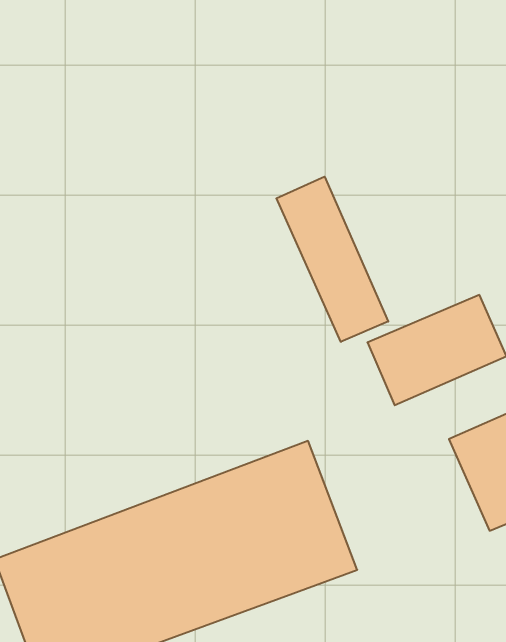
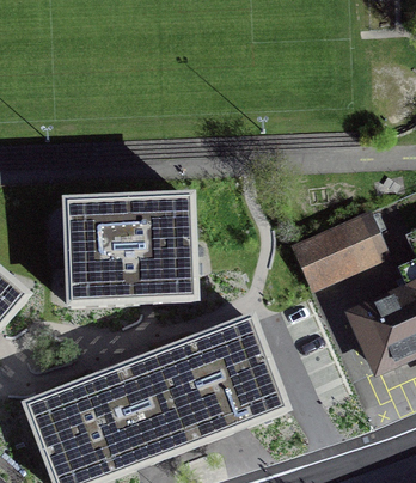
building: [276,177,388,342] -> none
building: none -> [66,200,194,300]

